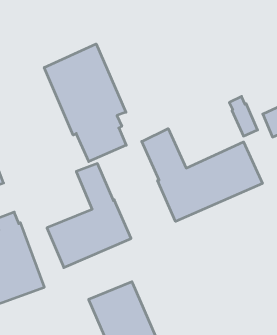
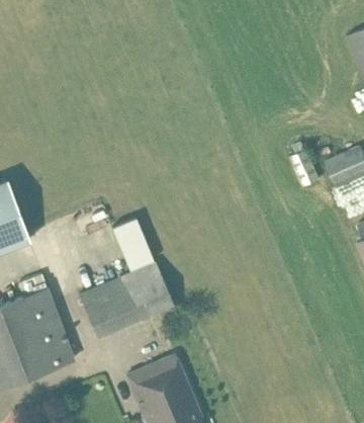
building: [44,44,126,162] -> none
building: [142,129,262,221] -> none

